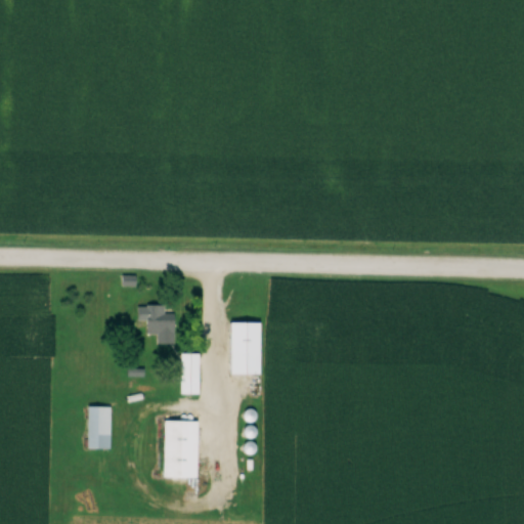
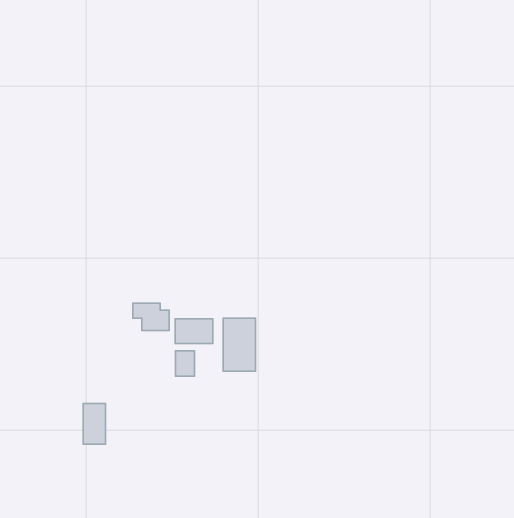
building: none -> [175,319,213,343]
building: [164,421,196,478] -> none

